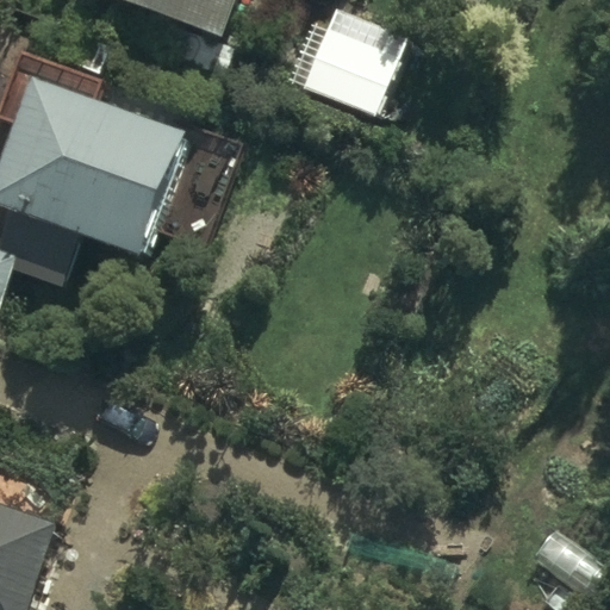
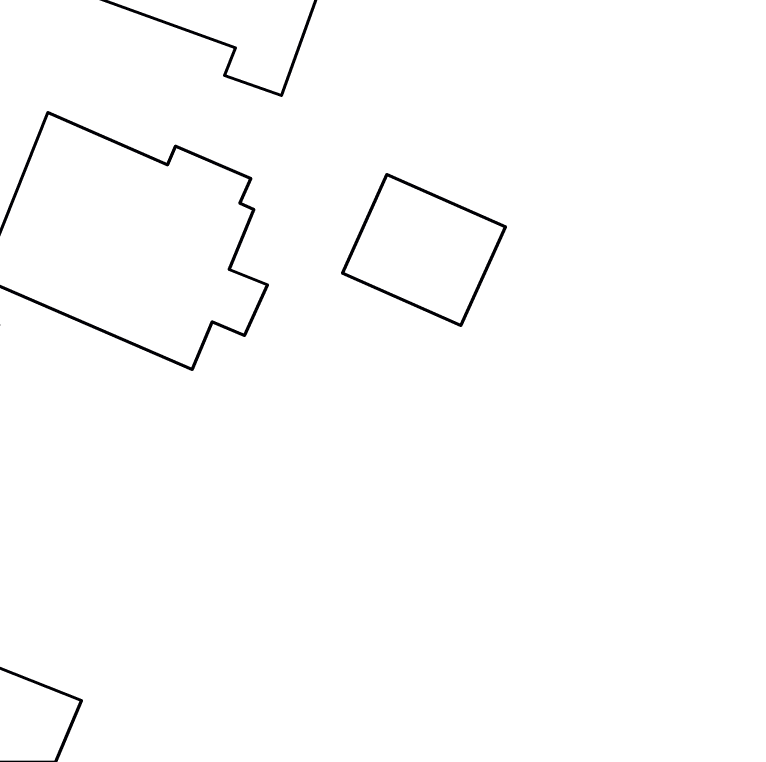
building: [276,5,403,122] -> [342,175,505,325]

